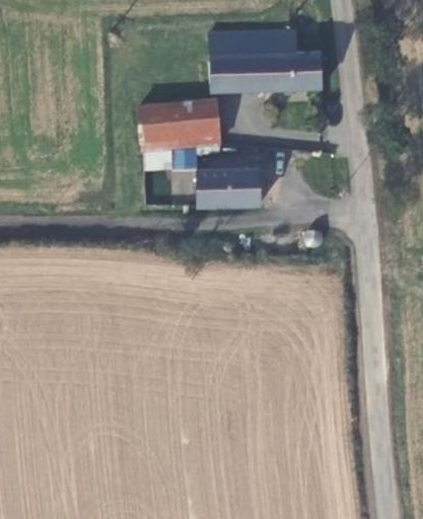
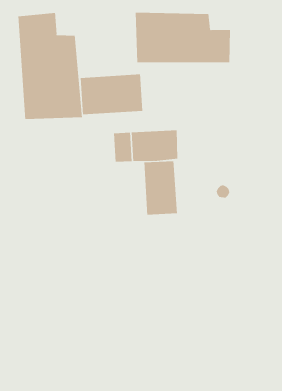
building: none -> [18,12,83,120]
building: none -> [144,160,177,216]

